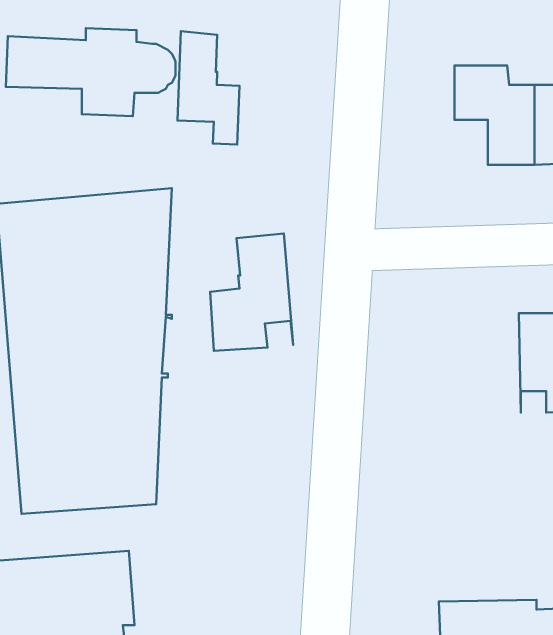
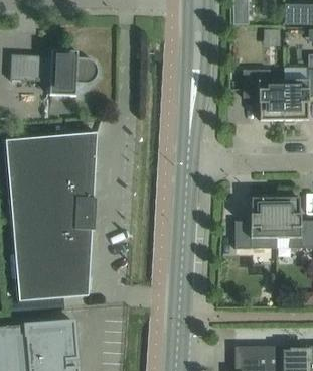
building: [178,31,239,144] -> none
building: [210,233,293,351] -> none
building: none -> [233,197,276,248]

